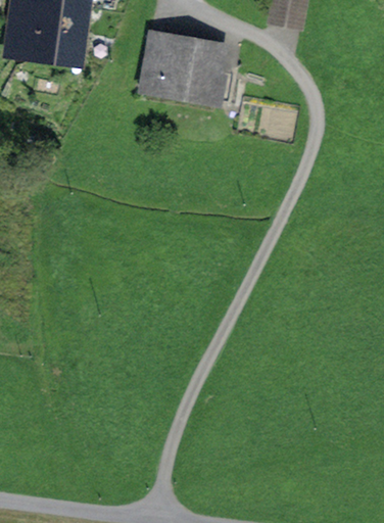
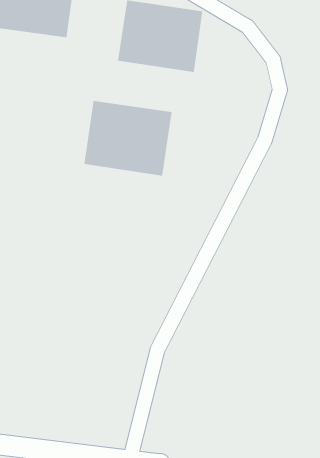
building: none -> [84,100,172,177]

